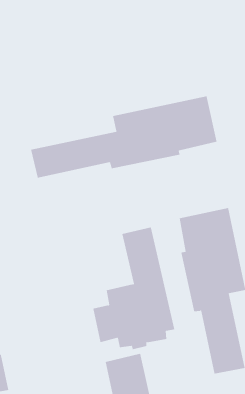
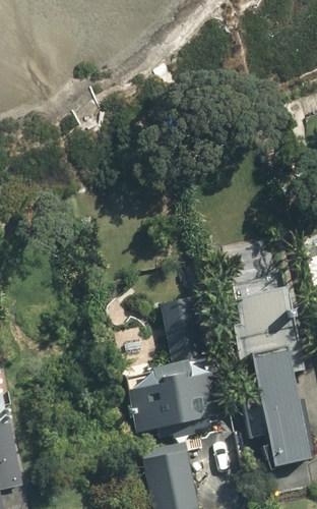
building: [30,95,217,179] -> none

